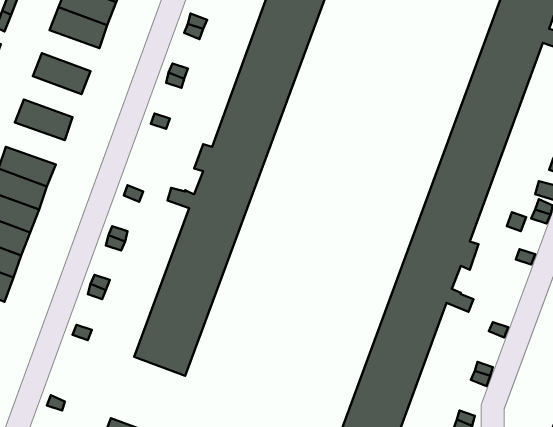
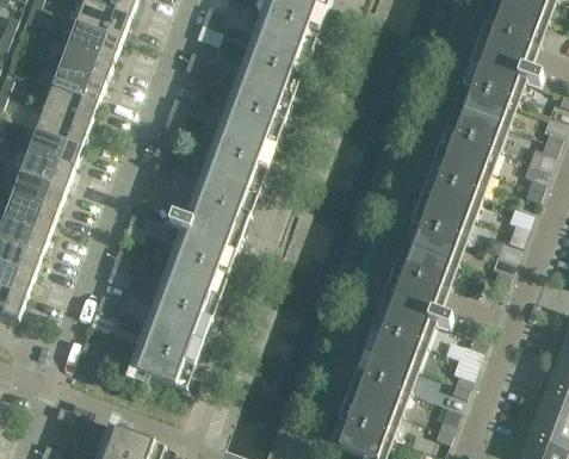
building: none -> [50,66,104,104]
building: none -> [33,108,87,147]
building: none -> [17,151,72,191]

